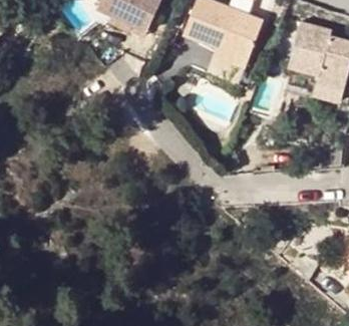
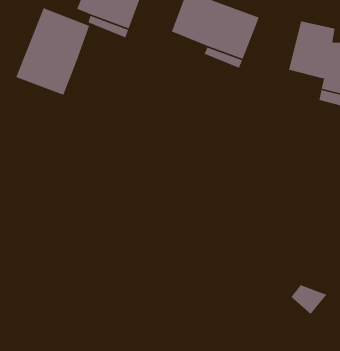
building: none -> [15,7,90,96]

